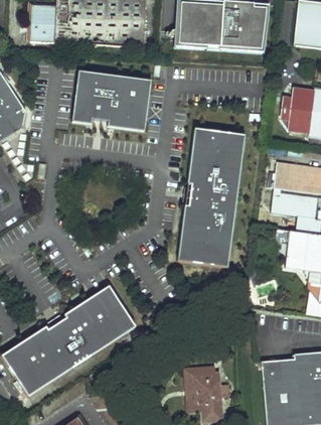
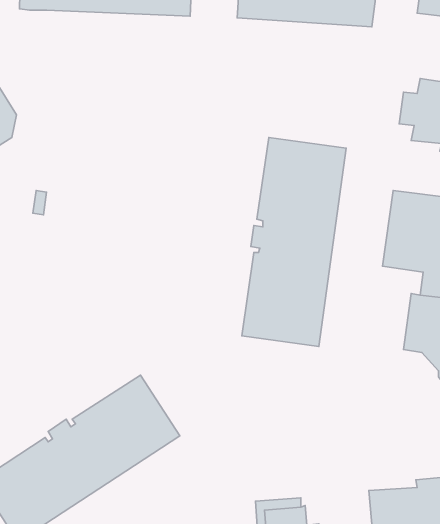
building: [72,72,150,132] -> none

